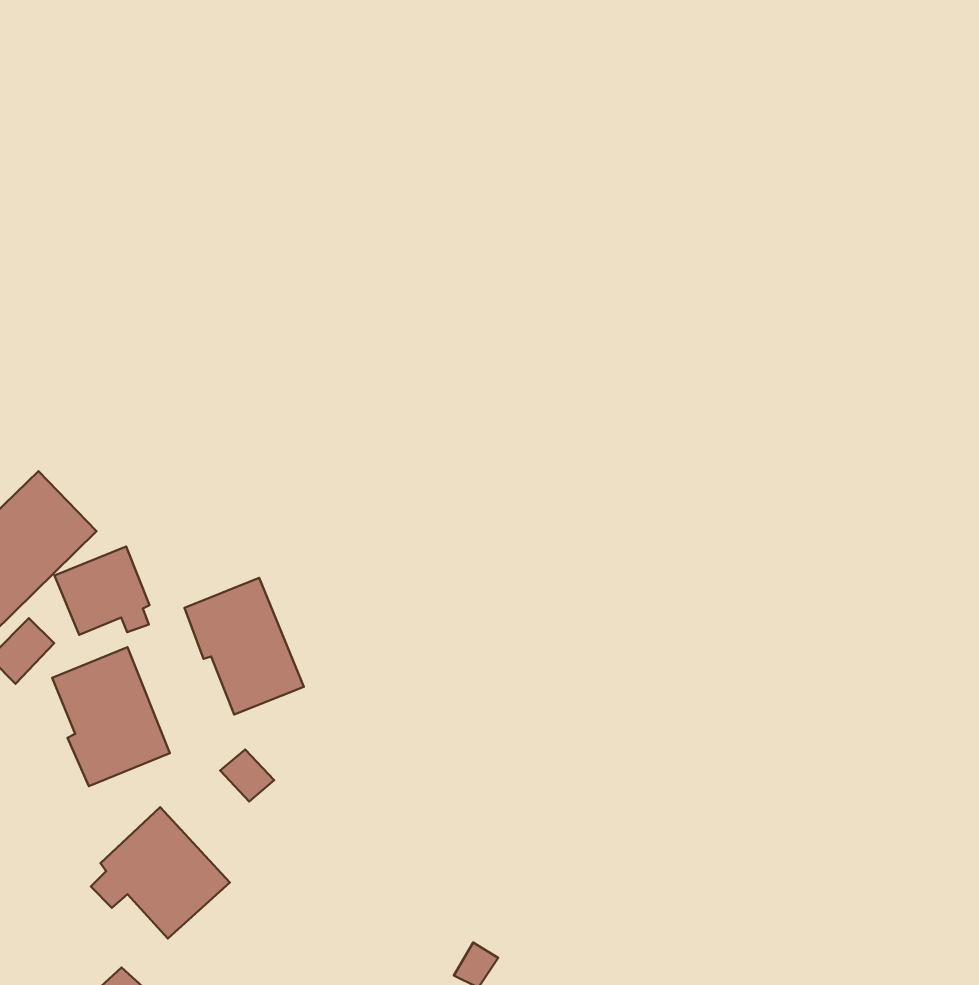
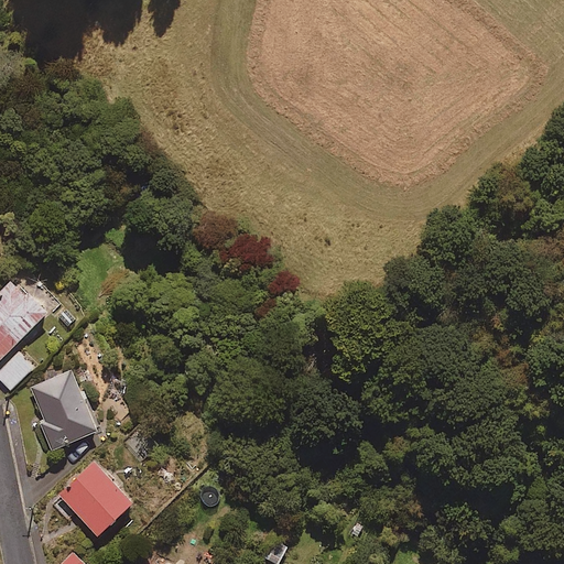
building: [54,547,149,635] -> none
building: [185,578,304,715] -> none

